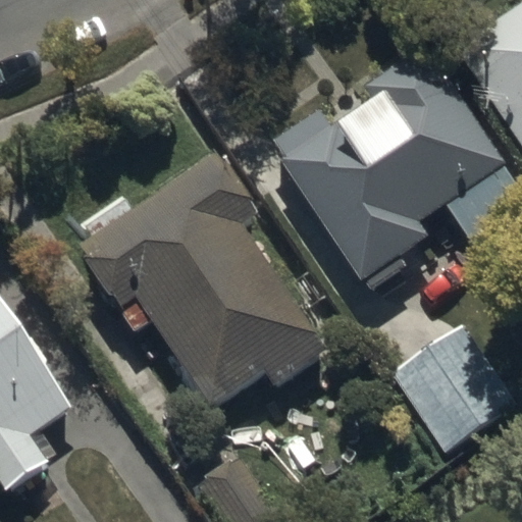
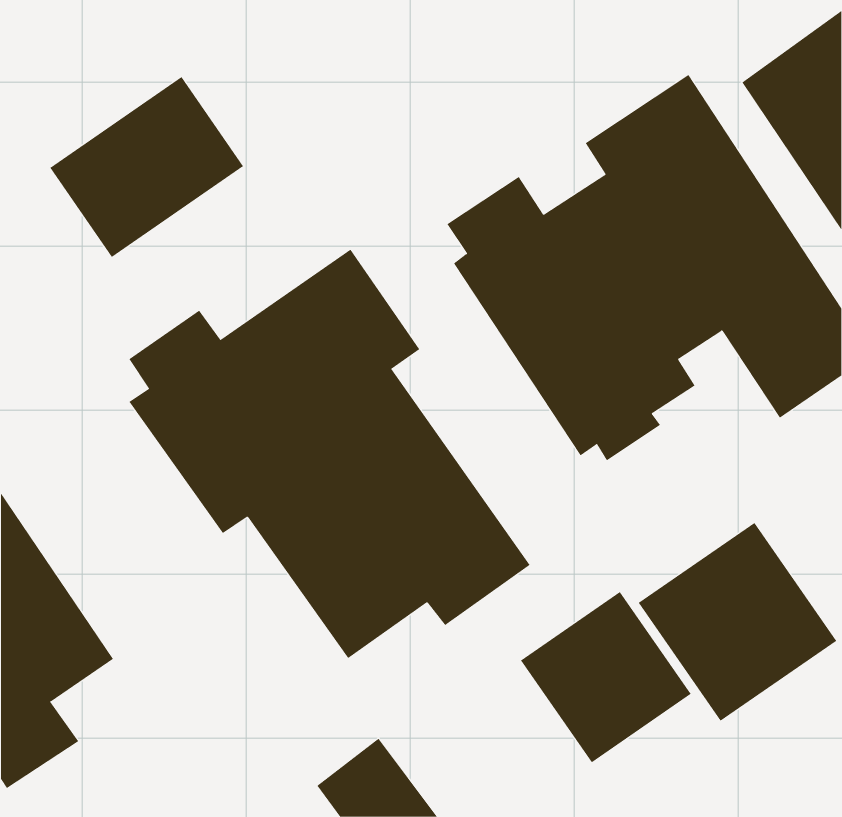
building: none -> [50,76,244,258]
building: none -> [520,591,692,763]

